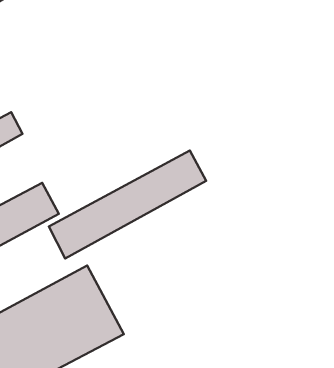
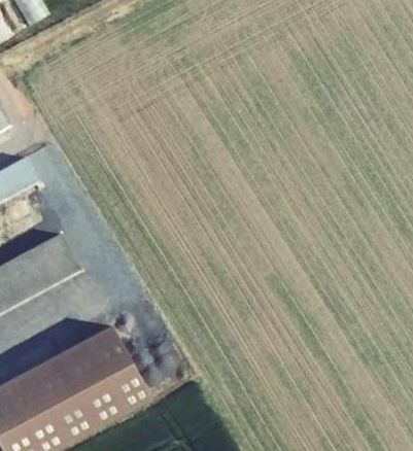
building: [49,150,206,258] -> none

